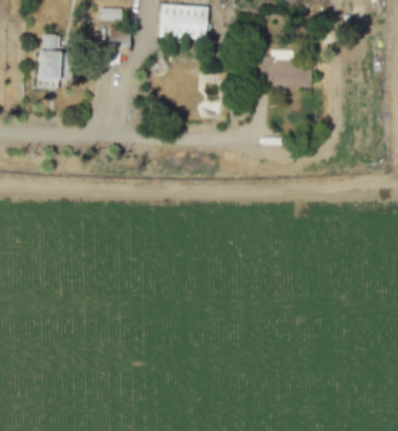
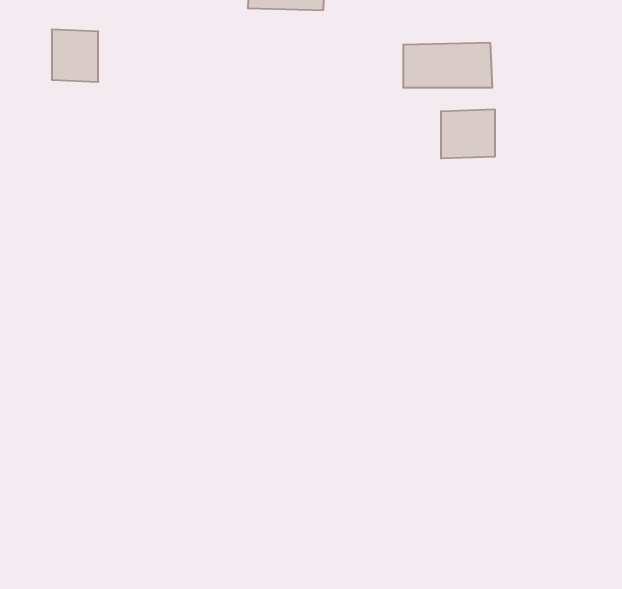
building: none -> [441,109,495,159]

